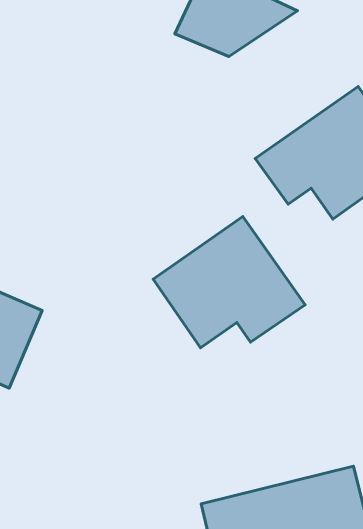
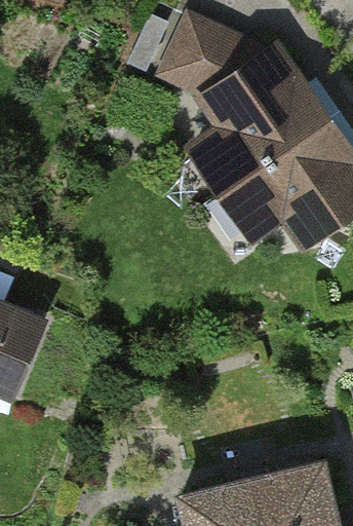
building: none -> [205,50,327,186]
building: [153,216,305,348] -> none

